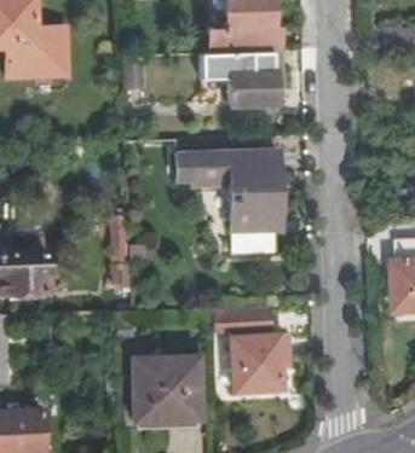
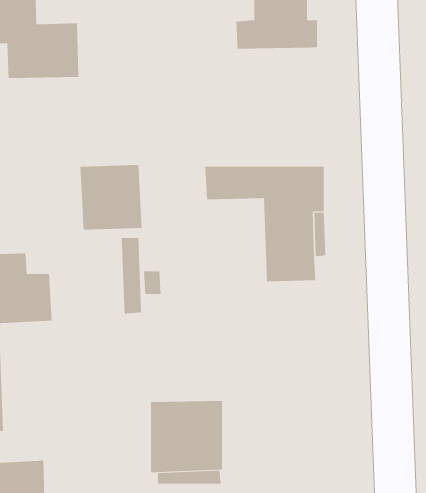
building: [200,50,272,101] -> none
building: none -> [80,164,142,231]
building: [212,304,286,388] -> none

